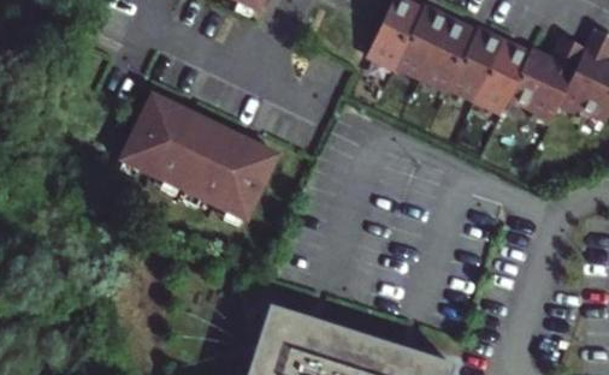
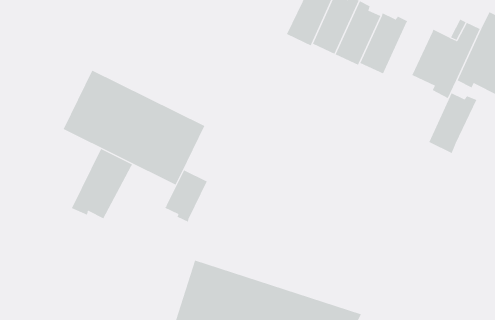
building: [477,43,531,112] -> [429,92,477,154]
building: none -> [71,148,133,219]
building: none -> [164,169,208,222]

